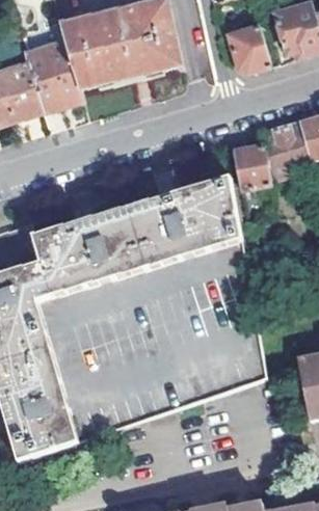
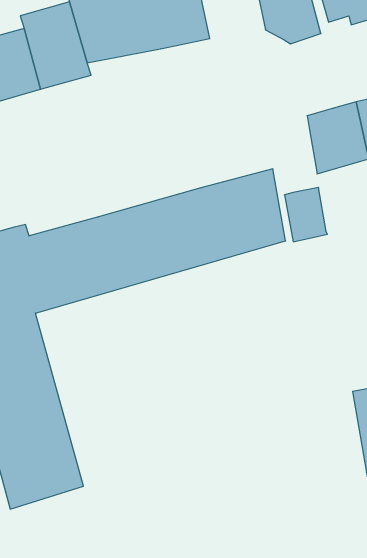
building: [234,143,269,188] -> [284,187,327,242]

